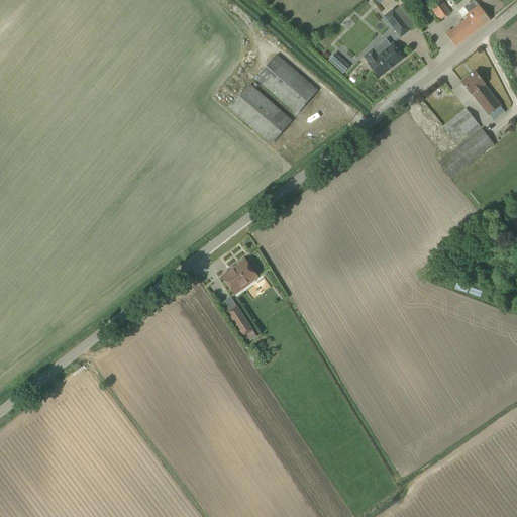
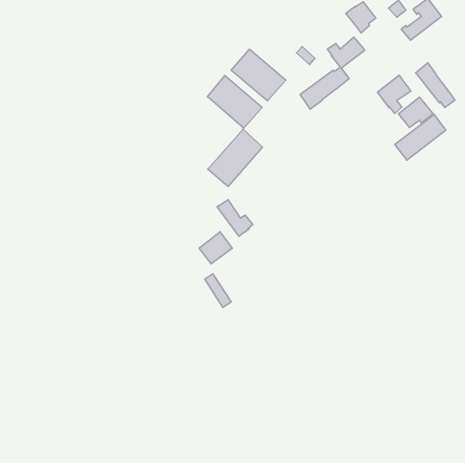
building: none -> [300,67,349,109]
building: none -> [377,75,411,114]
building: none -> [208,129,262,187]
building: none -> [217,200,253,236]

